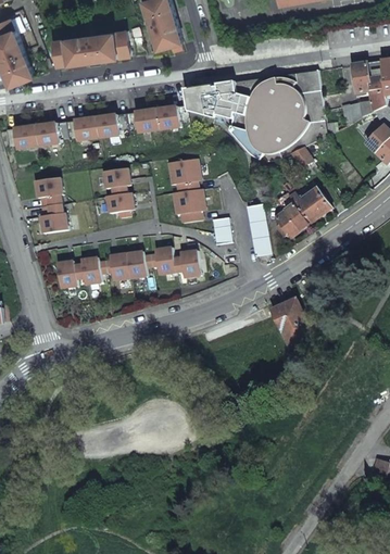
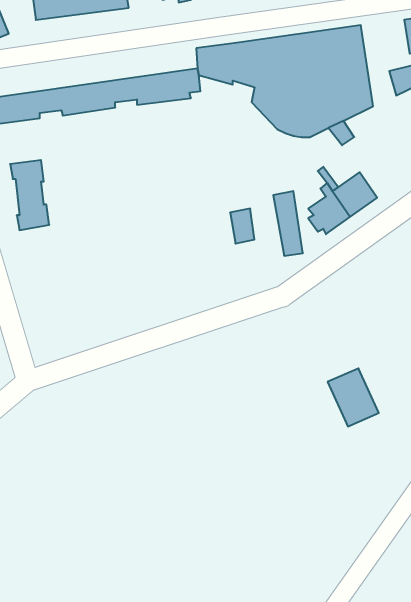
building: [168,159,203,223] -> none
building: [103,168,133,217] -> none
building: [55,248,200,288] -> none
building: [269,299,311,345] -> [328,368,379,426]

